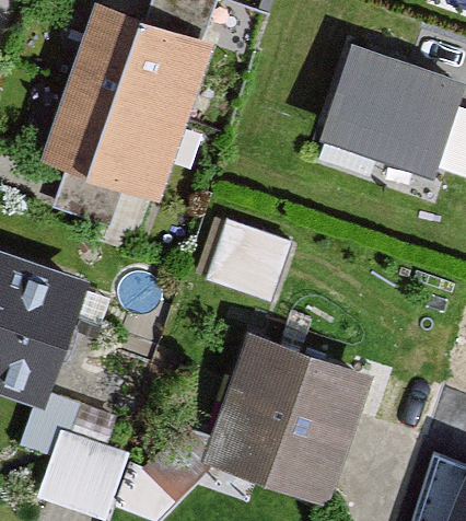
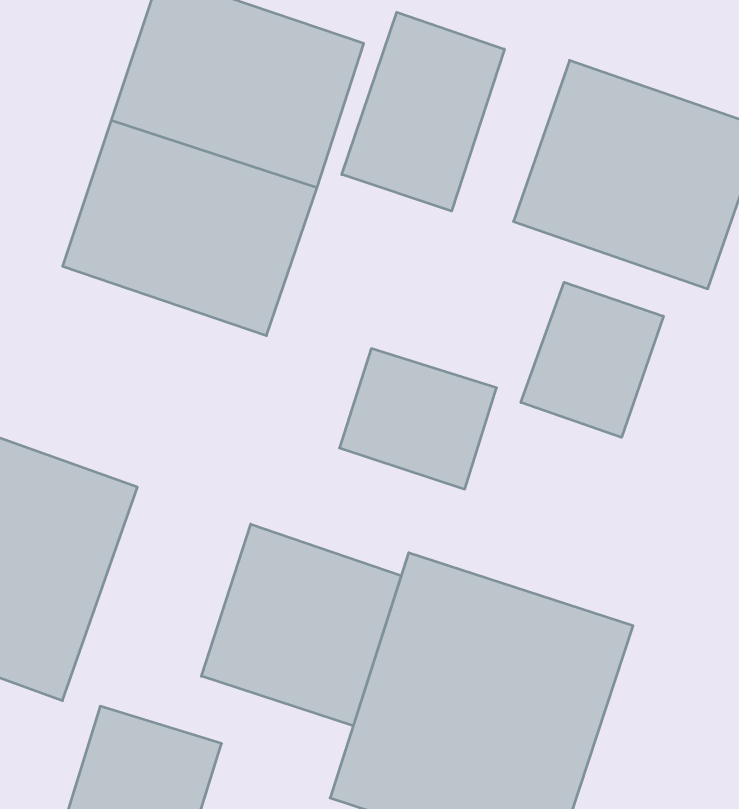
building: none -> [342,12,504,211]
building: none -> [521,282,663,437]
building: none -> [201,524,401,726]

